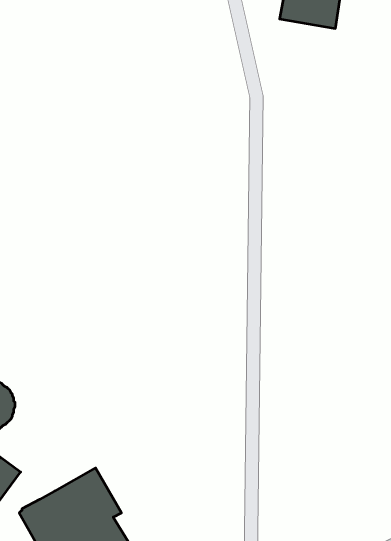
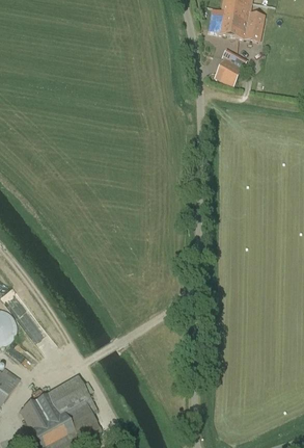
building: none -> [214,56,243,86]

